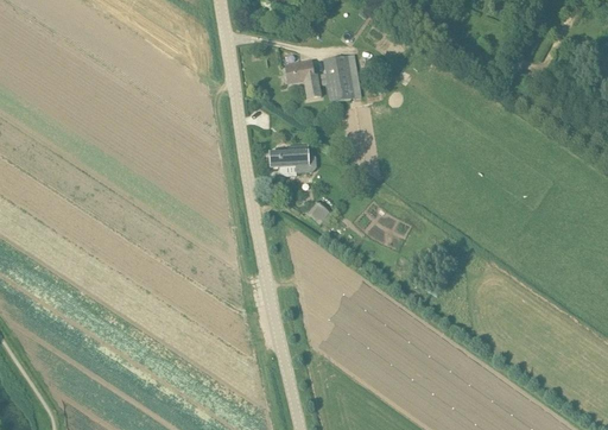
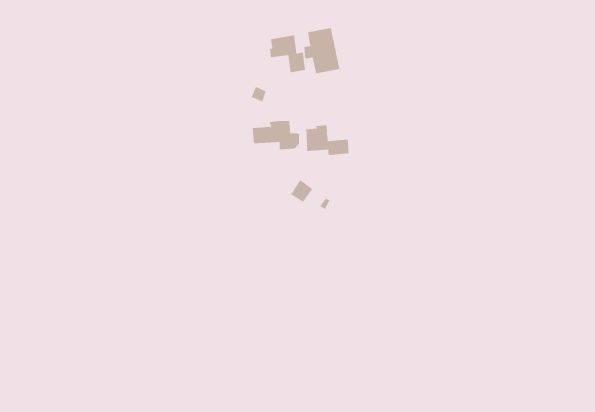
building: none -> [306,124,349,156]

